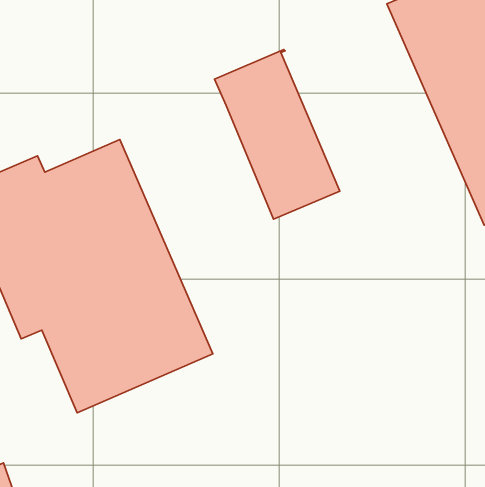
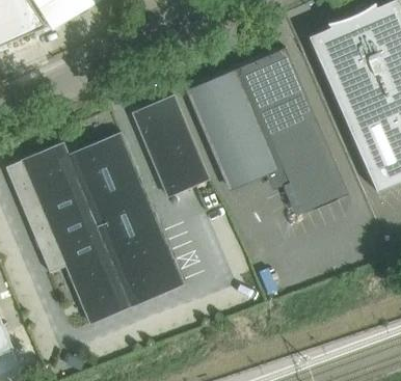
building: none -> [236,48,348,214]
building: none -> [132,97,207,194]

